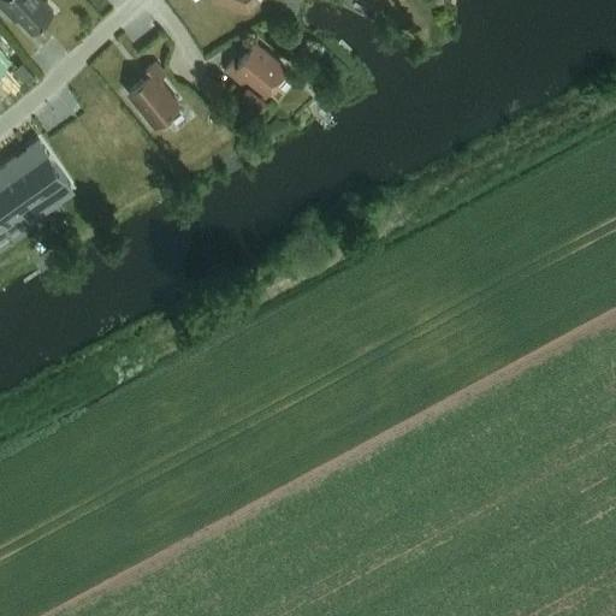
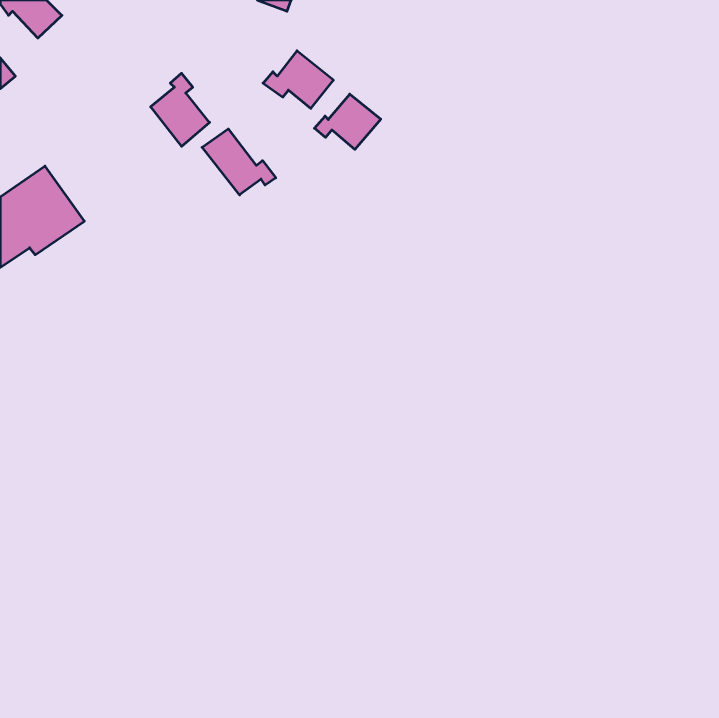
building: none -> [314,94,381,149]
building: none -> [202,129,276,195]

